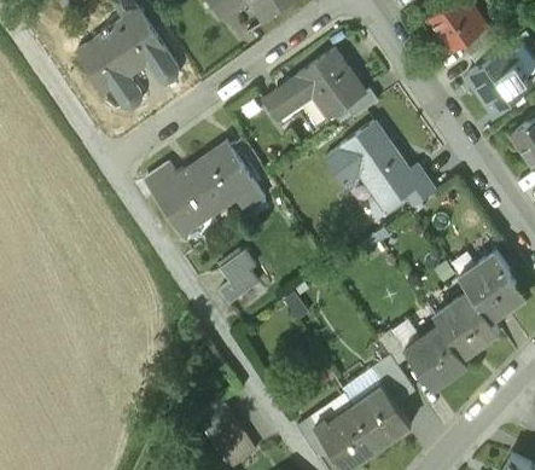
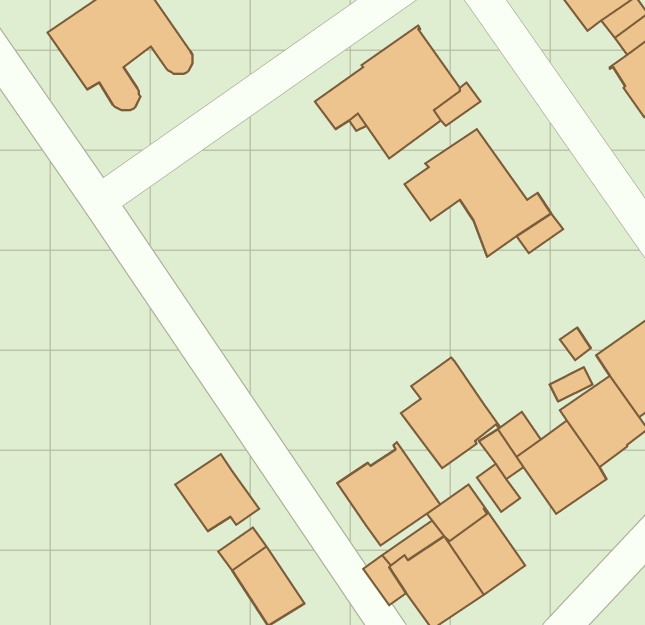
building: [146,143,264,236] -> none
building: [219,250,258,304] -> none
building: none -> [401,357,500,468]
building: none -> [337,442,440,545]
building: none -> [175,454,259,531]

